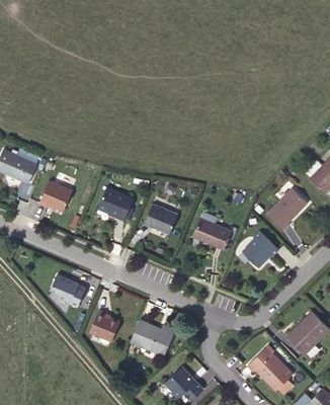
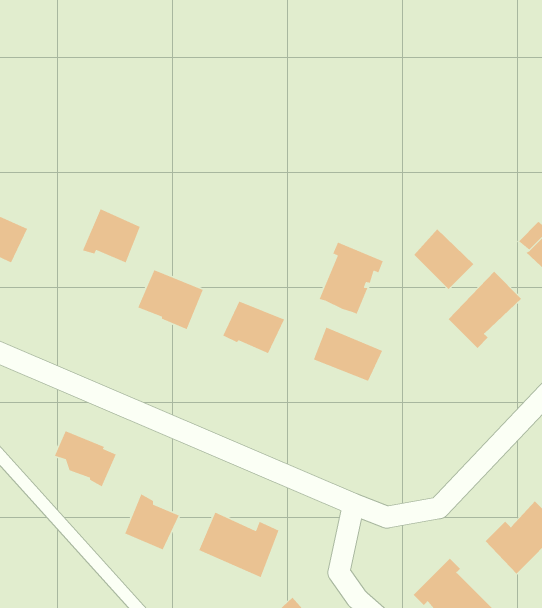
building: none -> [413,228,474,290]
building: none -> [319,241,384,315]
building: [39,181,72,212] -> [82,208,141,264]
building: [243,232,279,267] -> none

